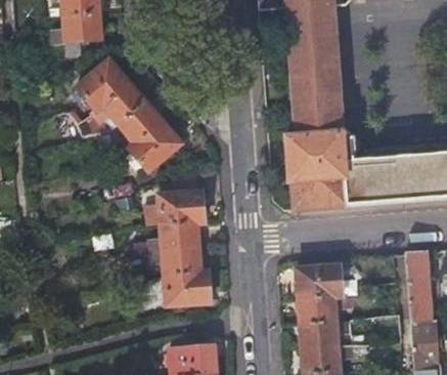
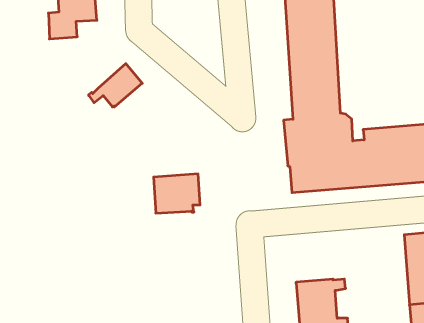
building: [74,58,129,114] -> none
building: [116,101,181,172] -> none
building: [147,228,209,305] -> none
building: [296,264,346,299] -> none

